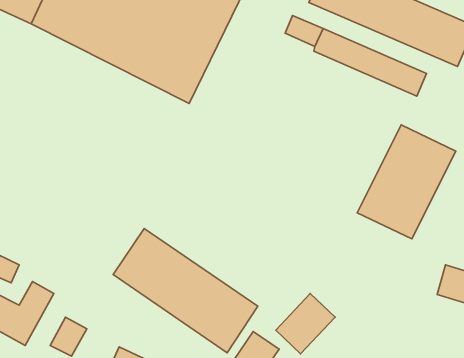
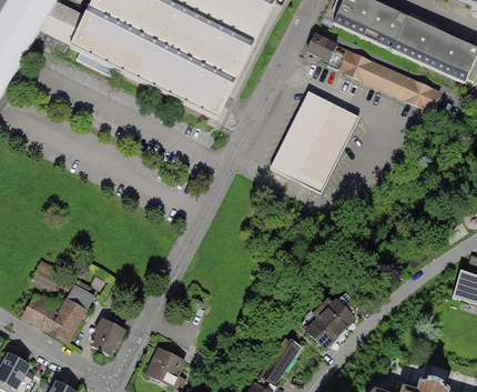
building: [357,125,456,239] -> [270,88,362,194]
building: [113,229,258,353] -> none

